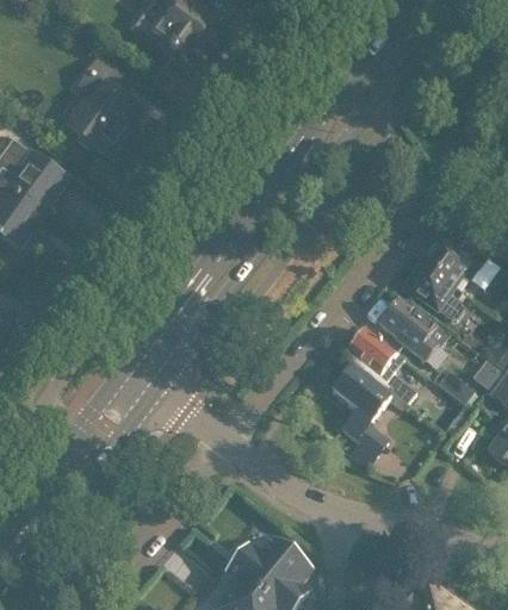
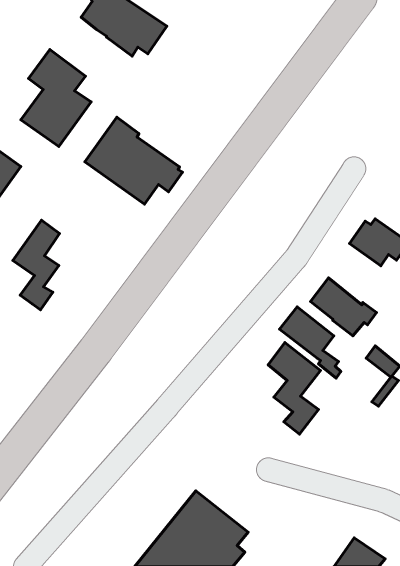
building: none -> [85,117,183,204]
building: none -> [13,220,59,310]
building: [404,261,465,319] -> none

